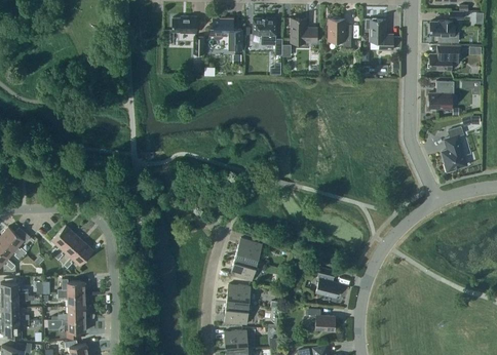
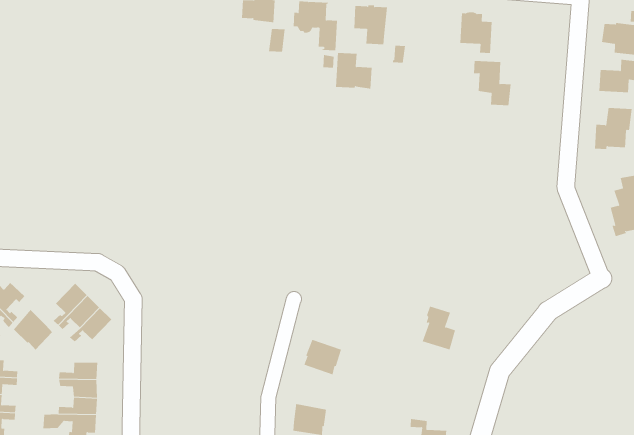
building: [291,18,316,43] -> [335,52,372,89]
building: [366,19,393,50] -> [473,60,512,106]
building: [235,238,262,263] -> none
building: none -> [13,309,53,350]
building: [315,267,339,298] -> [422,306,456,350]
building: [226,284,250,306] -> none

